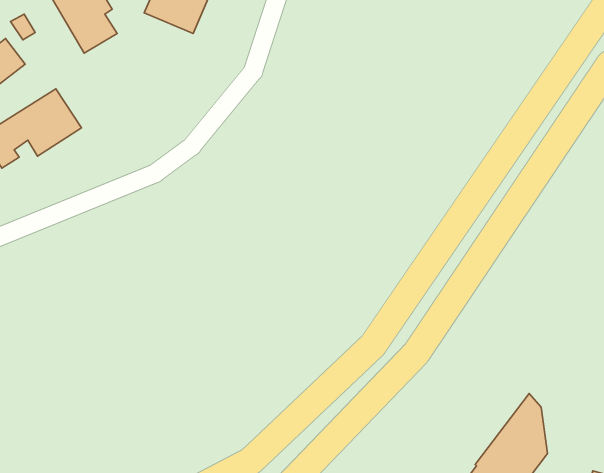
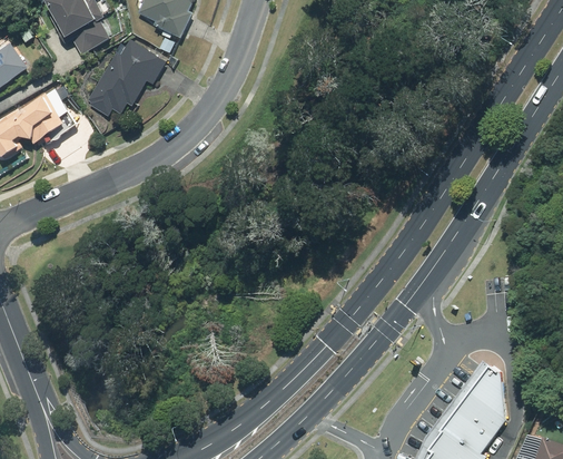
building: none -> [87,40,167,118]

